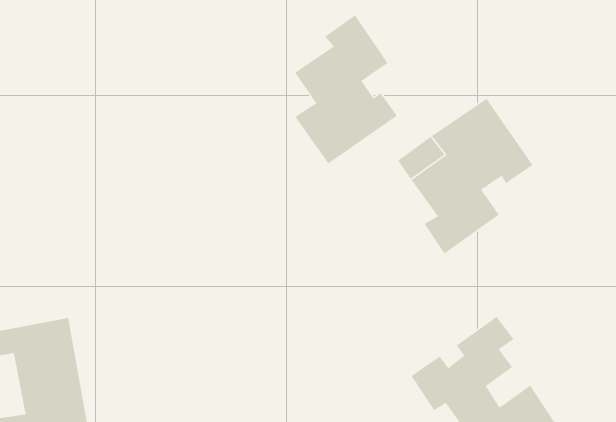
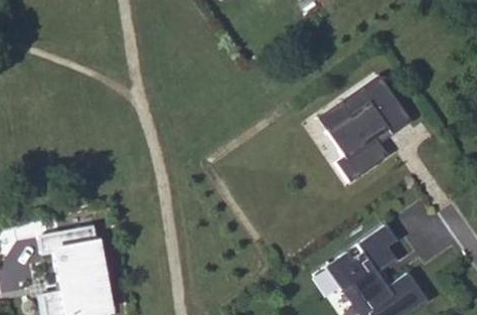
building: [294,14,398,164] -> none

